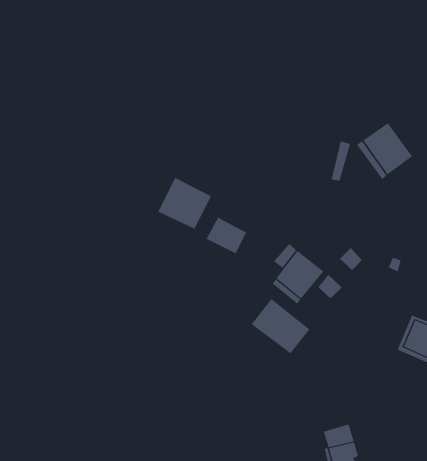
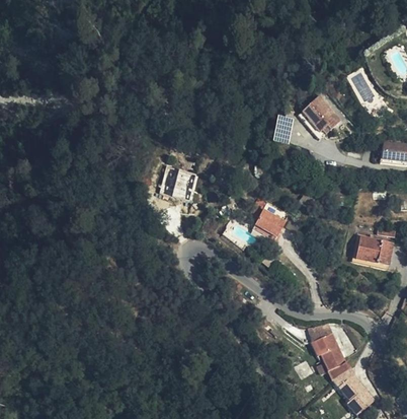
building: [206,217,247,254] -> none
building: [251,298,310,354] -> none

